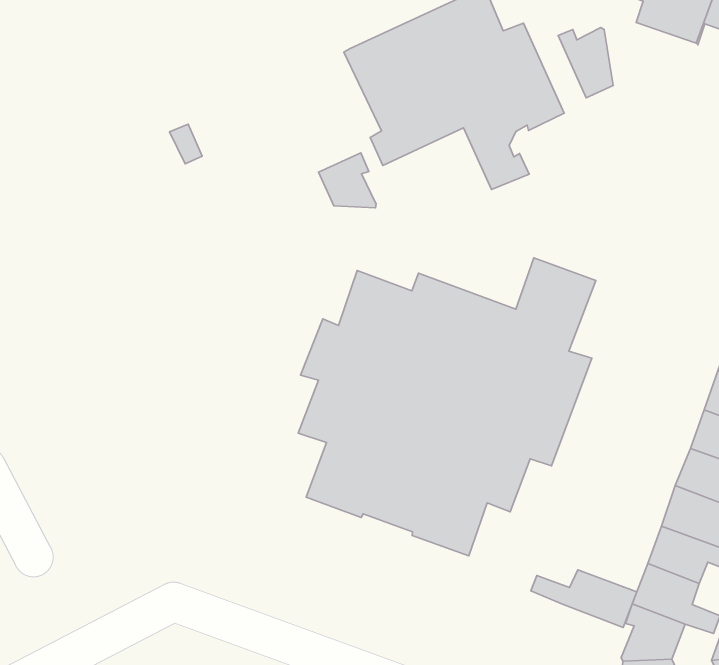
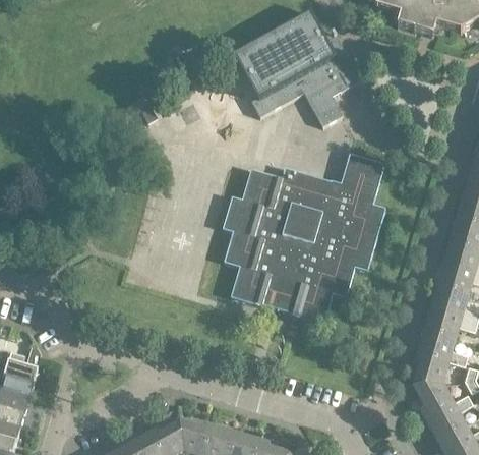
building: [558,28,613,98] -> none
building: [318,153,376,208] -> none
building: [531,570,637,628] -> none

